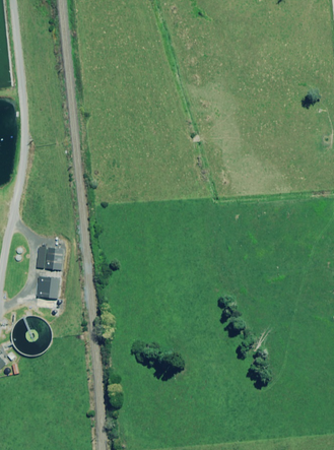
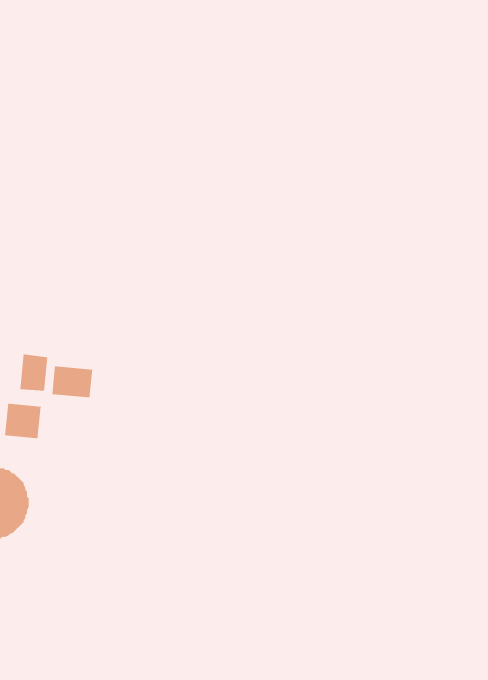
building: none -> [52,366,93,398]

